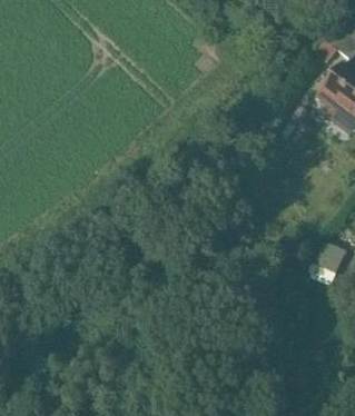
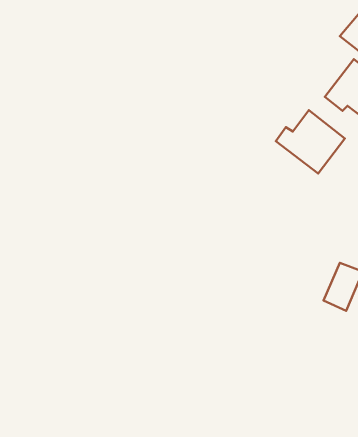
building: none -> [276,110,345,174]

